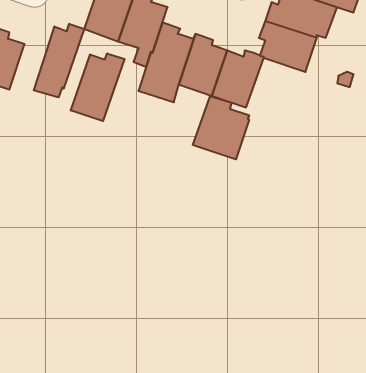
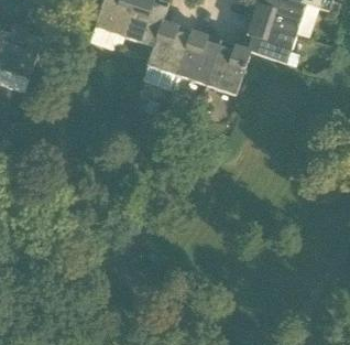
building: [34,24,84,97] -> none
building: [71,53,125,121] -> none
building: [193,96,249,159] -> none

